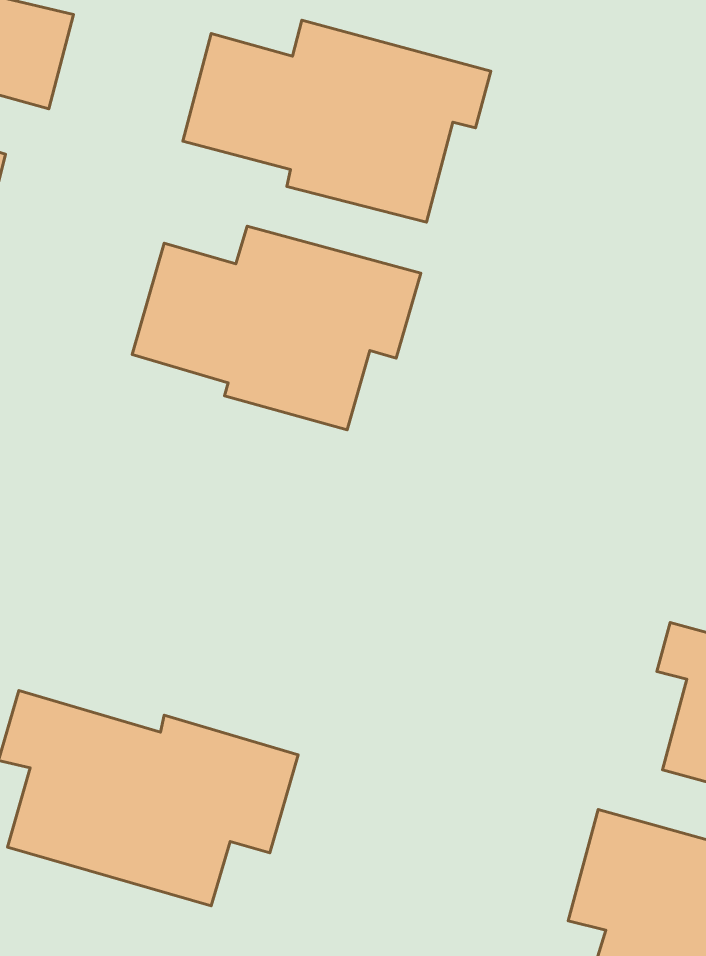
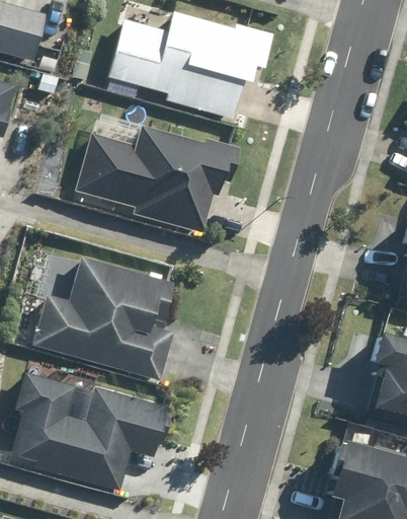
building: none -> [39,257,186,377]

